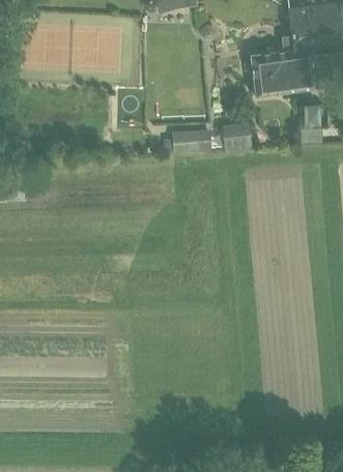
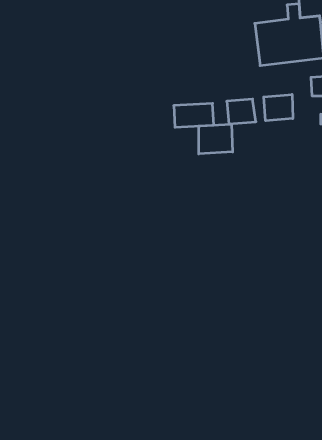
building: none -> [264,94,293,121]
building: none -> [199,124,233,154]

